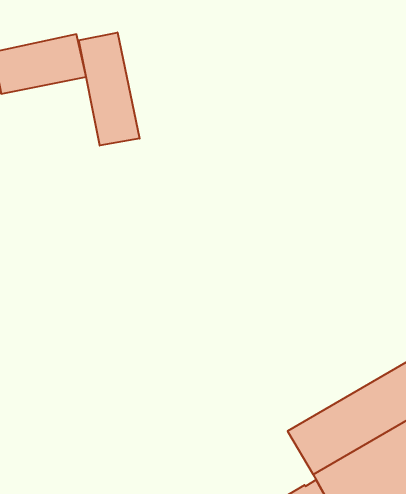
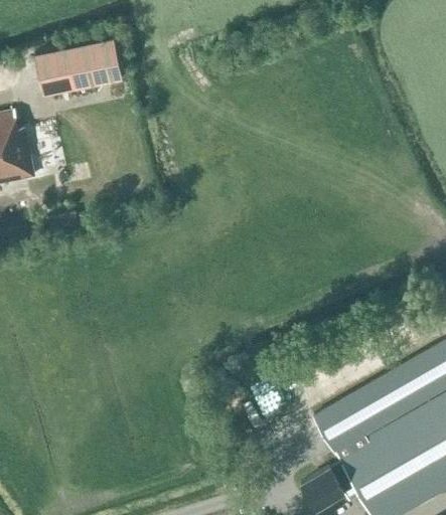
building: [79,32,140,146] -> none

